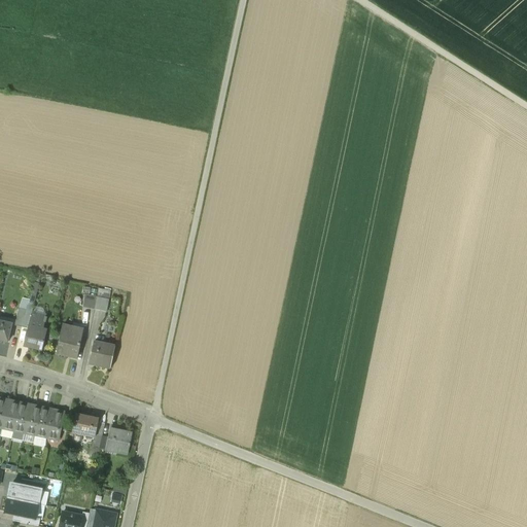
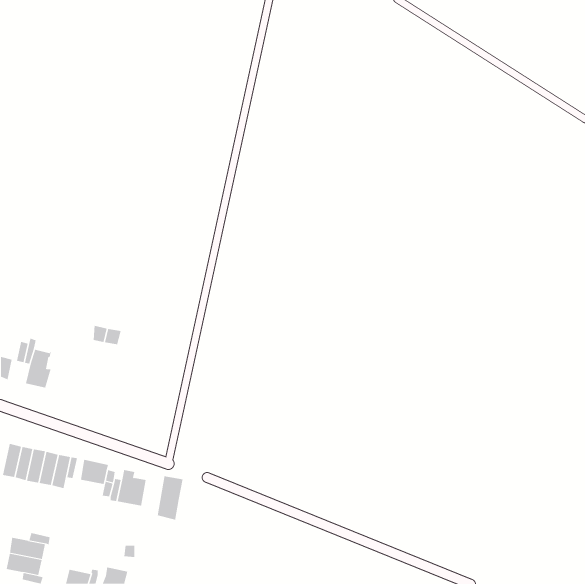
building: [57,324,82,355] -> none
building: [89,341,115,367] -> none
building: none -> [157,476,183,520]

